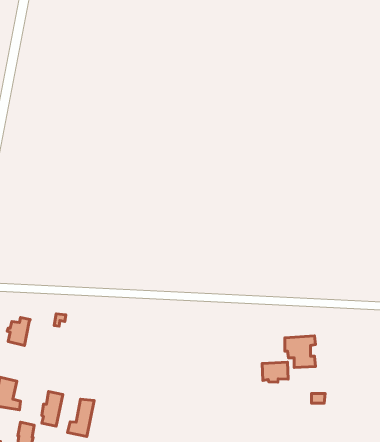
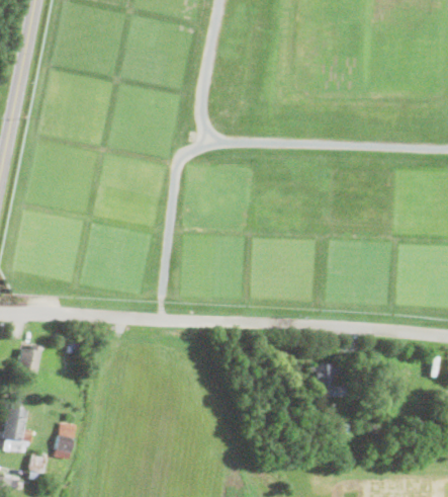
building: [262,362,288,382] -> none
building: [68,399,94,436] -> none

